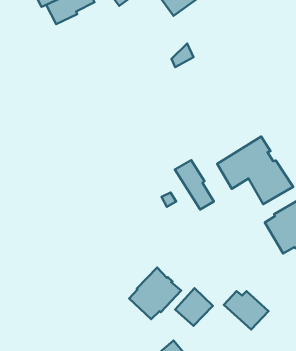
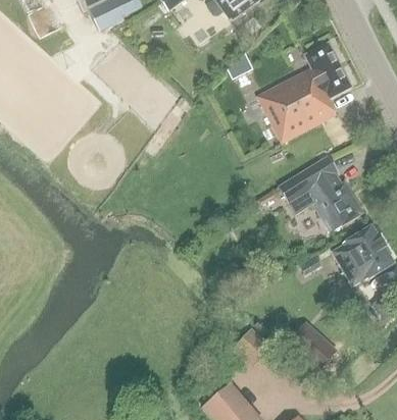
building: none -> [256,42,351,142]
building: [175,160,214,210] -> none
building: [129,268,181,319] -> none

